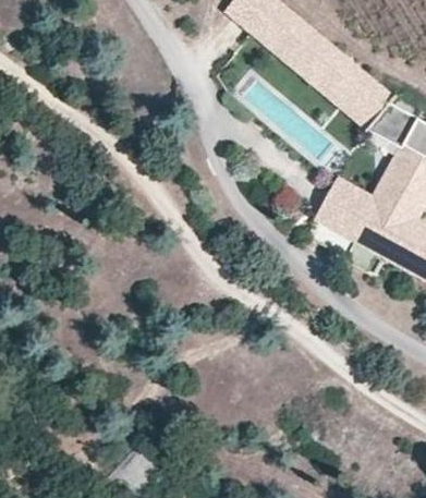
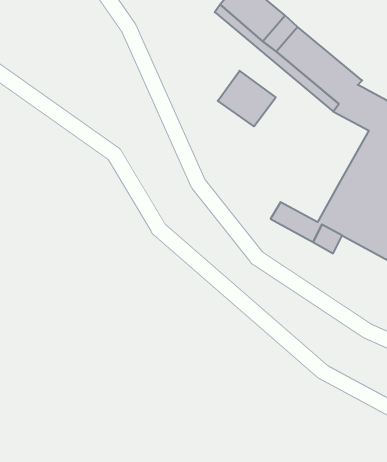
building: none -> [218,71,276,126]
building: [311,173,368,233] -> none

